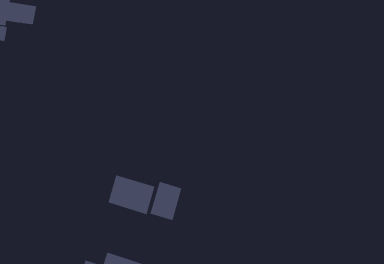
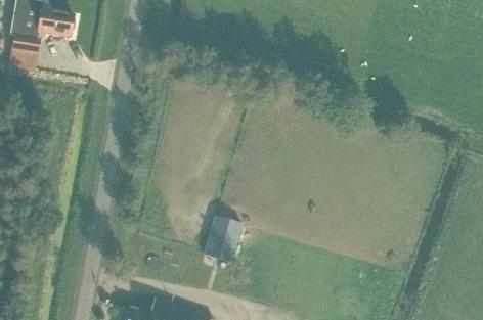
building: [108,175,155,215] -> none

